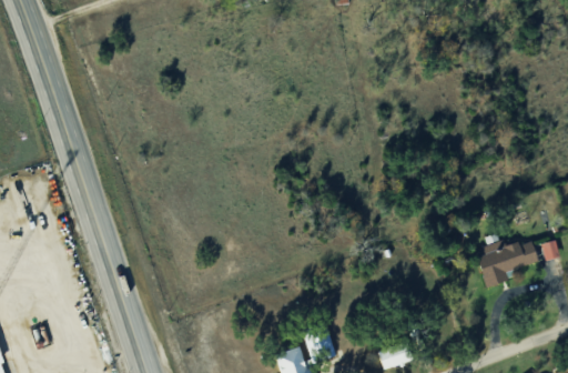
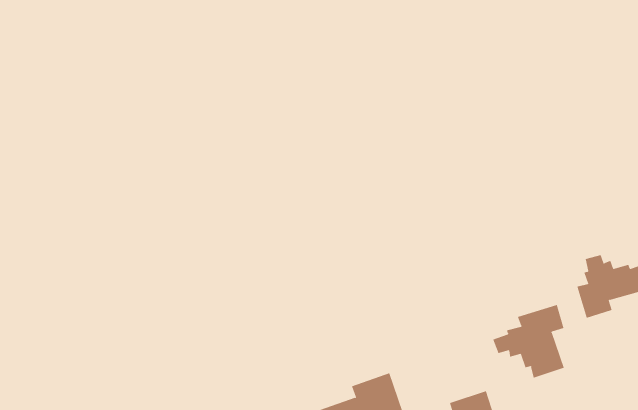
building: none -> [493,304,564,378]

